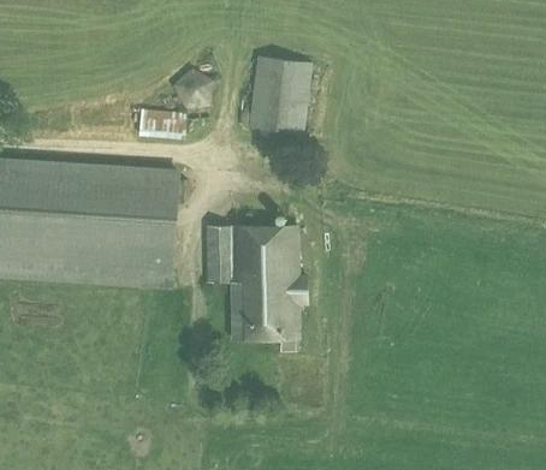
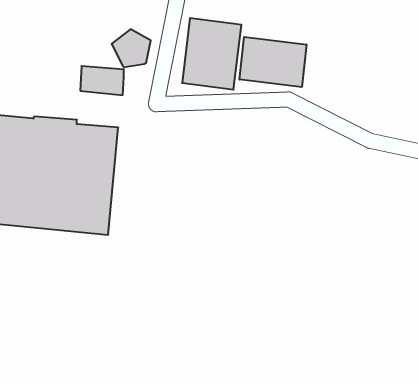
building: none -> [239,37,306,87]
building: [207,226,308,350] -> none

